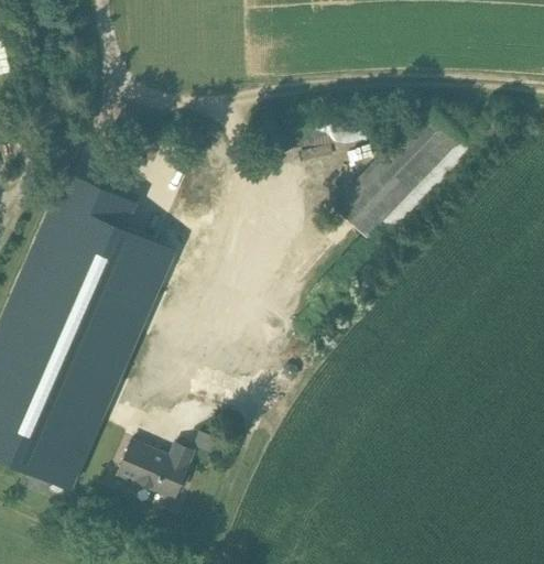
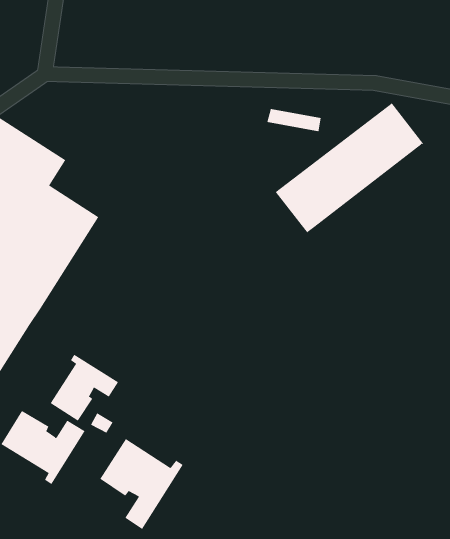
building: none -> [50,354,119,422]
building: none -> [100,438,183,530]

